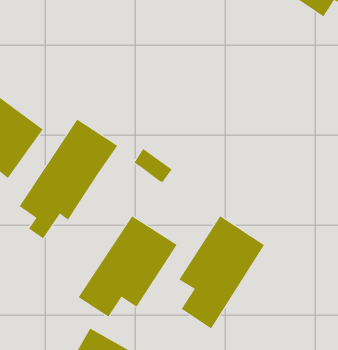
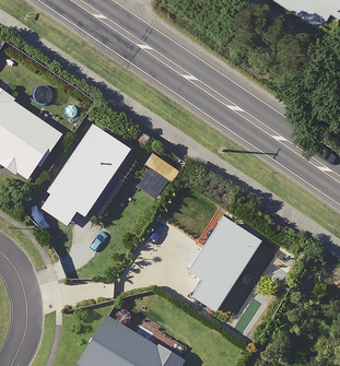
building: [78,216,177,317] -> none

